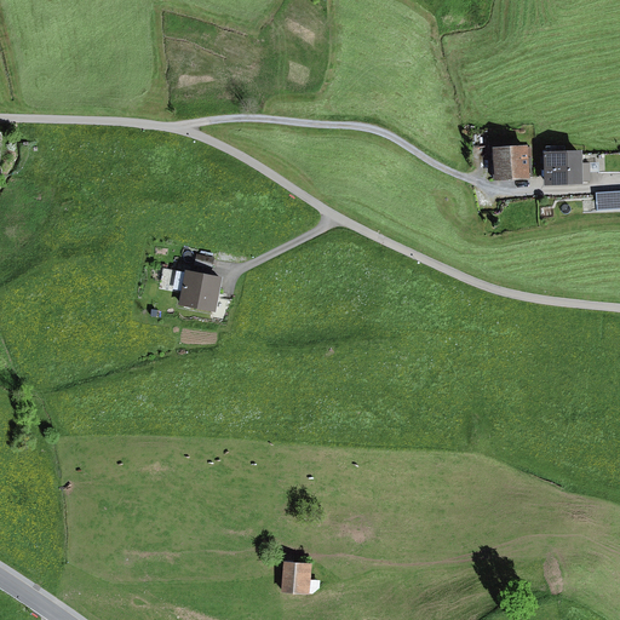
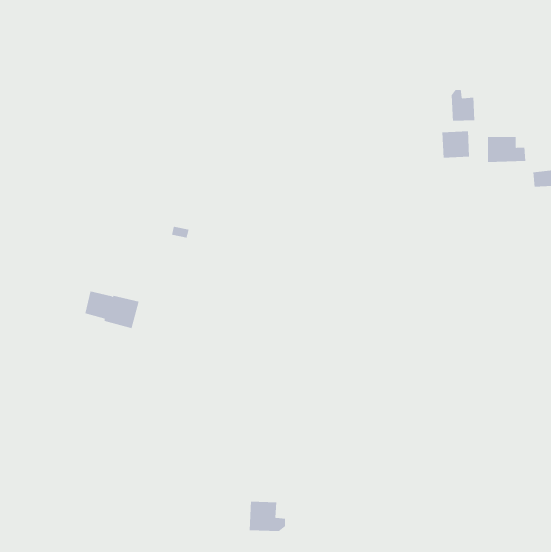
building: none -> [451,89,475,122]
building: [159,266,220,309] -> [84,291,140,329]

